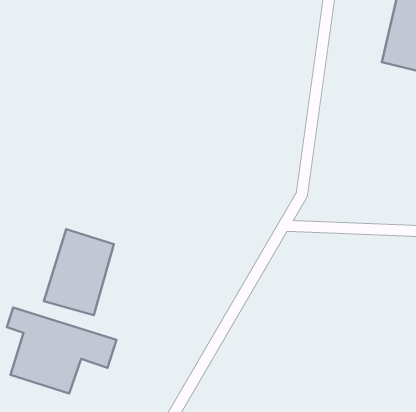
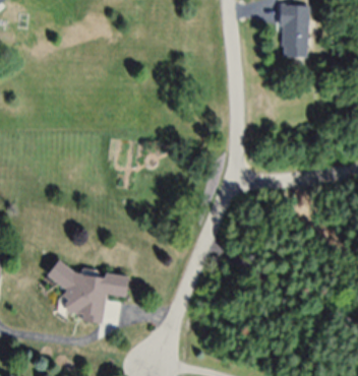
building: [44,229,114,315] -> none

